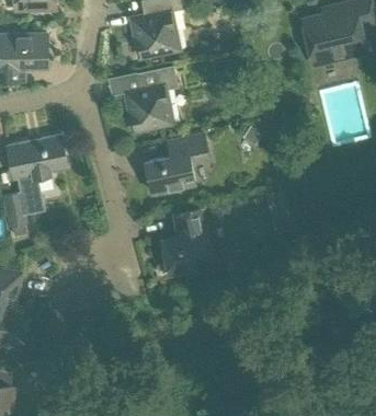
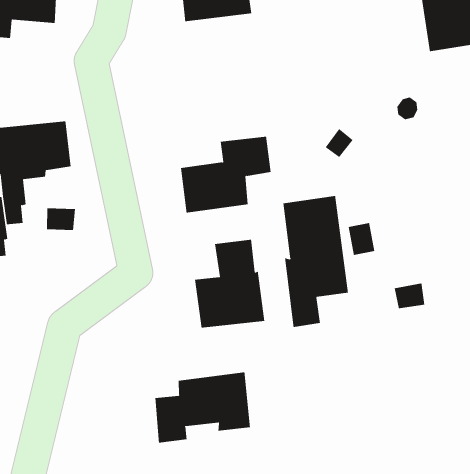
building: [124,65,179,131] -> none
building: none -> [283,195,348,328]
building: none -> [155,371,251,444]

